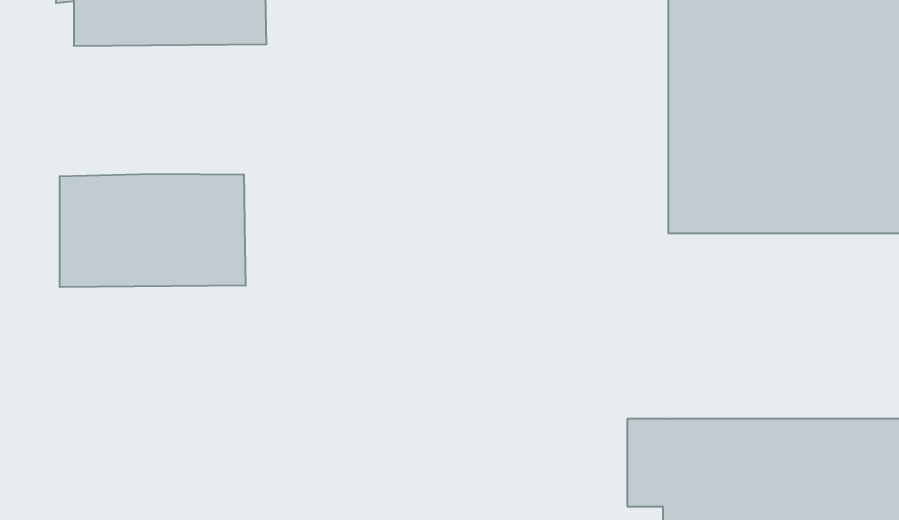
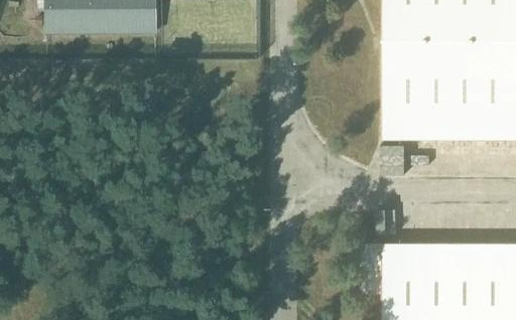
building: [60,174,246,287] -> none

